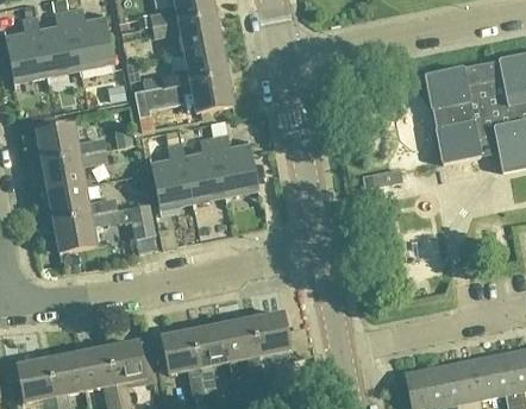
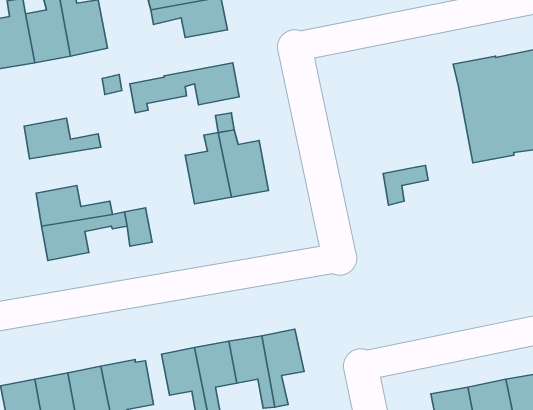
building: [162,43,226,84] -> none
building: [150,141,192,207] -> none
building: [43,149,109,190] -> none

